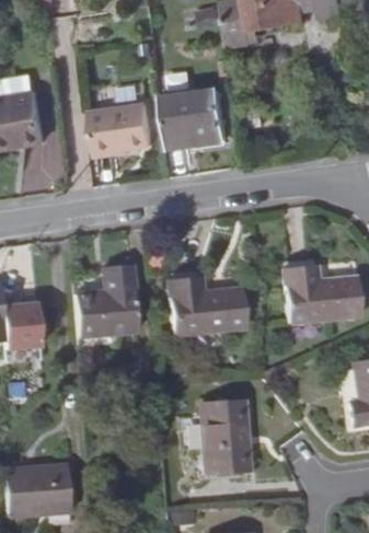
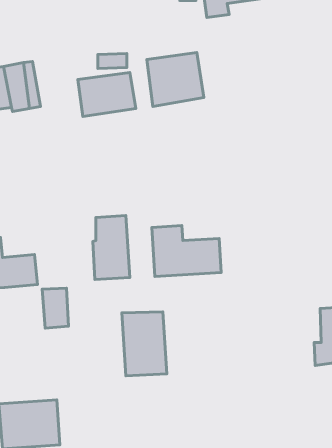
building: [285,267,359,323] -> none
building: [77,292,105,336] -> [42,288,68,328]
building: [199,401,249,471] -> [122,312,167,376]

